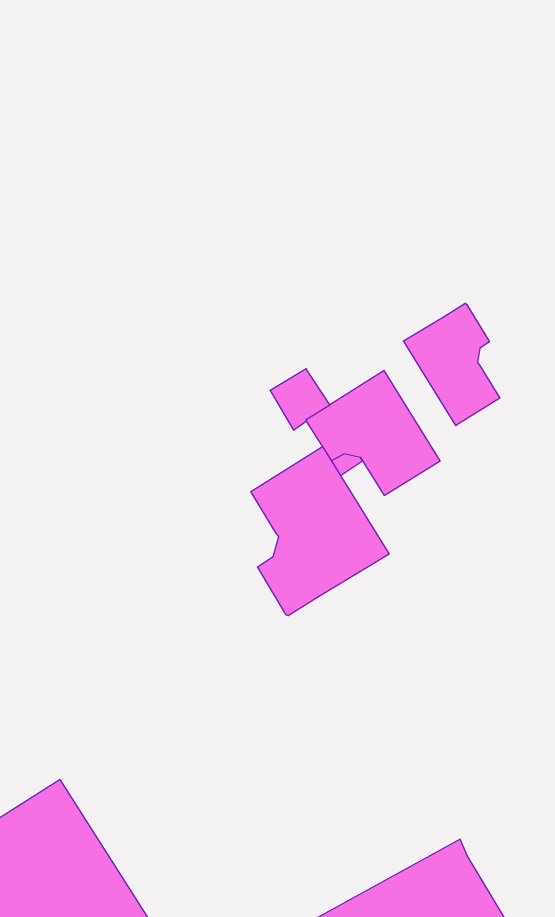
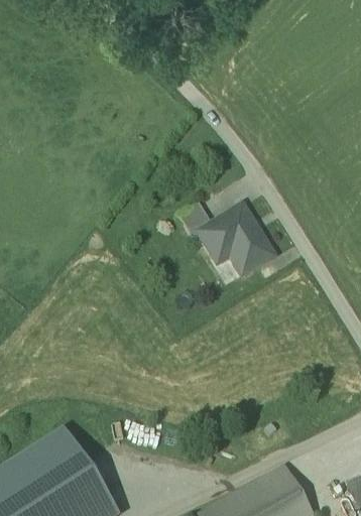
building: [403,303,500,426] -> none
building: [251,447,389,616] -> none

